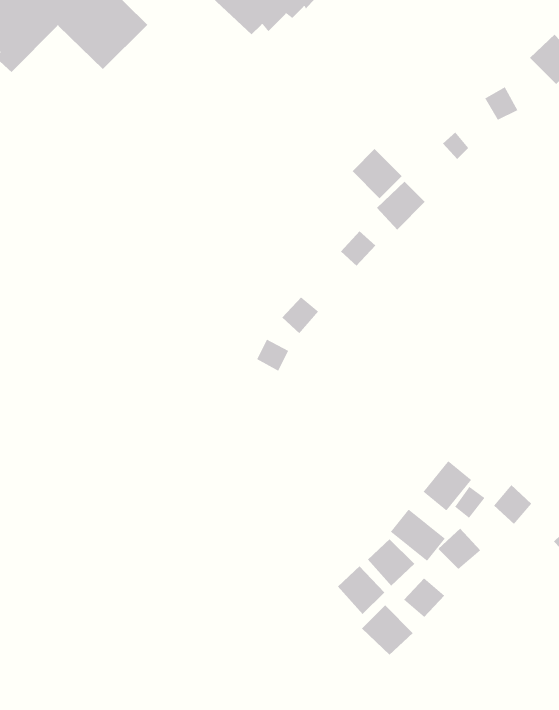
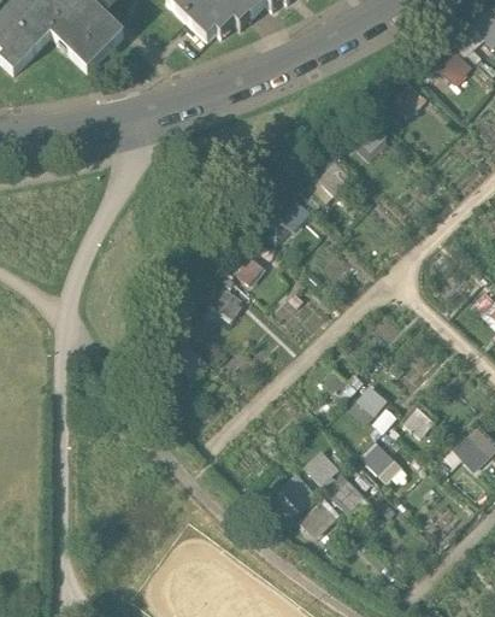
building: [352,148,402,199] -> none
building: [390,508,446,562] -> none

